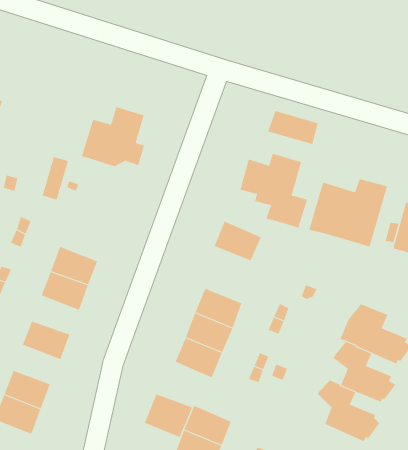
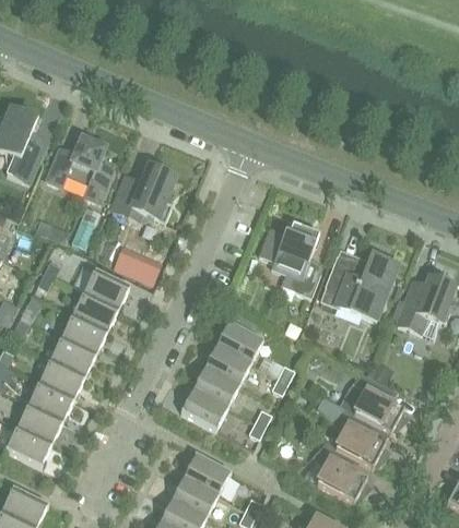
building: none -> [46,137,114,202]
building: [268,110,318,145] -> none
building: none -> [114,248,161,284]
building: [214,221,262,261] -> [216,322,262,362]
building: none -> [83,269,129,310]
building: none -> [50,337,96,376]
building: none -> [28,382,74,421]
building: [144,393,193,438] -> none

